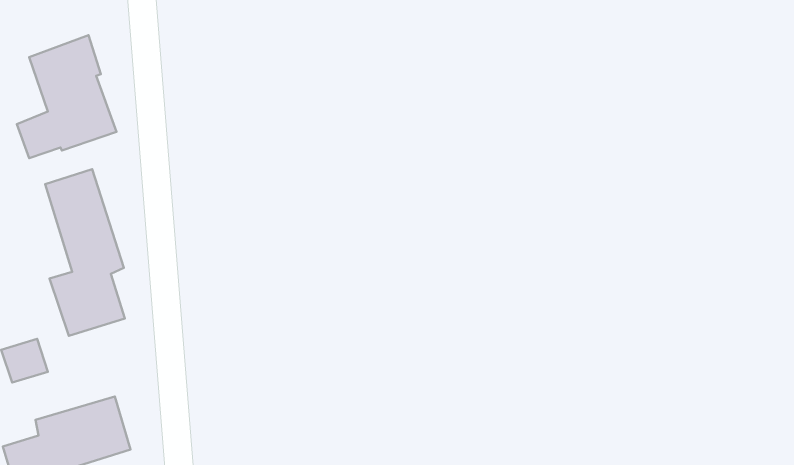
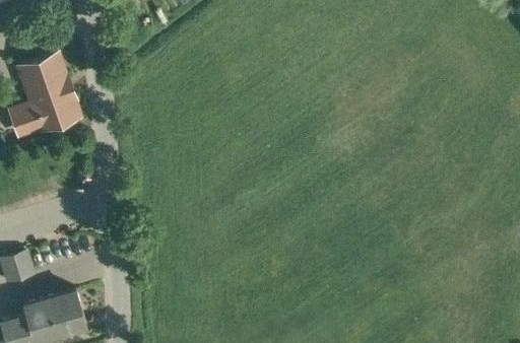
building: [45,169,125,336] -> none

